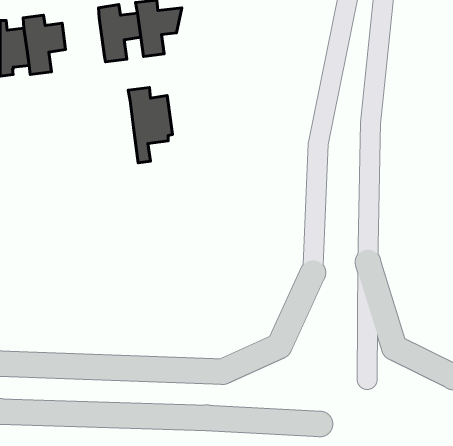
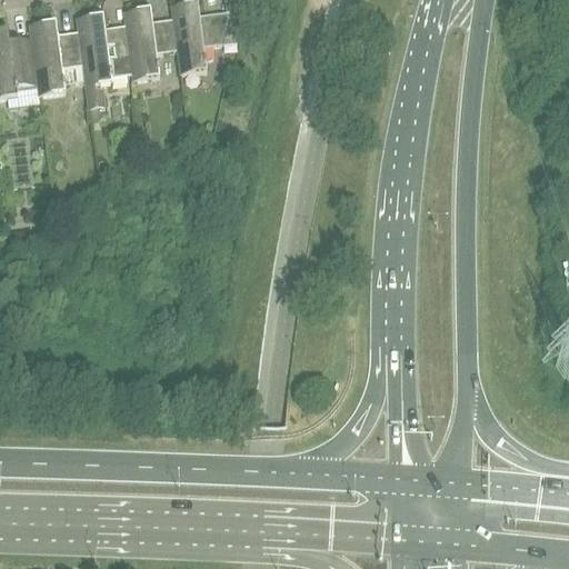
building: [128,88,173,163] -> [76,12,131,107]

